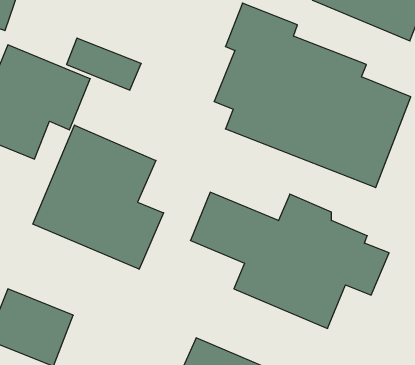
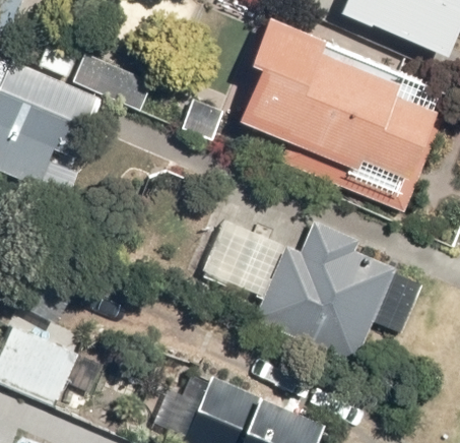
building: [33,125,164,269] -> none

